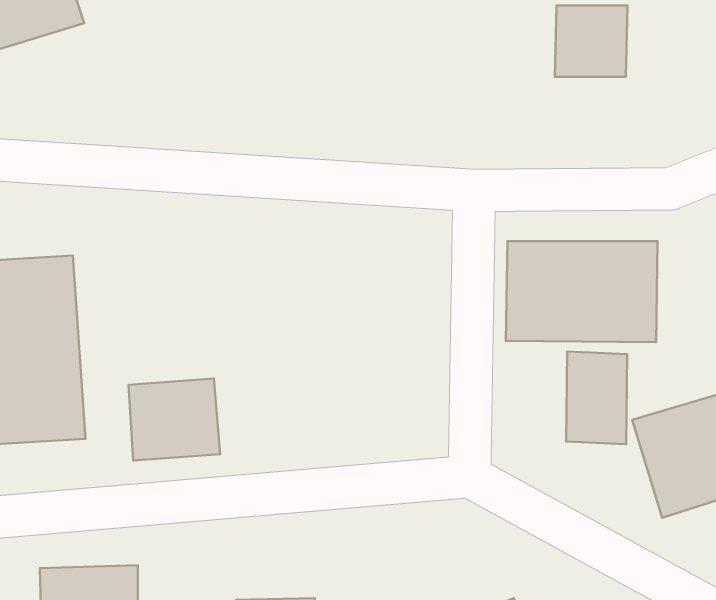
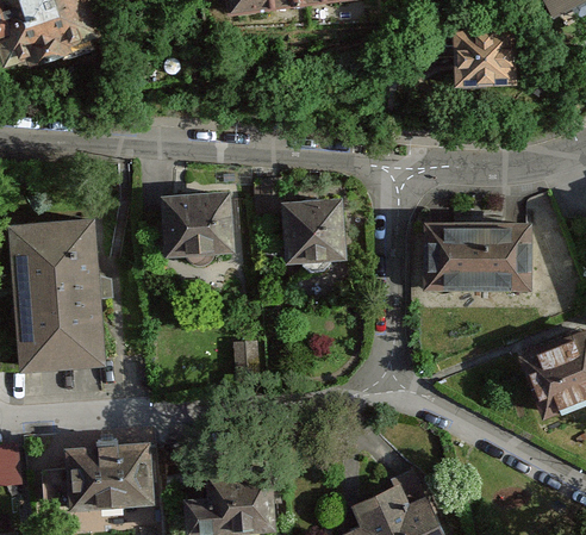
building: none -> [278,197,343,261]
building: [566,351,627,444] -> none
building: [129,378,220,461] -> [164,193,233,255]

